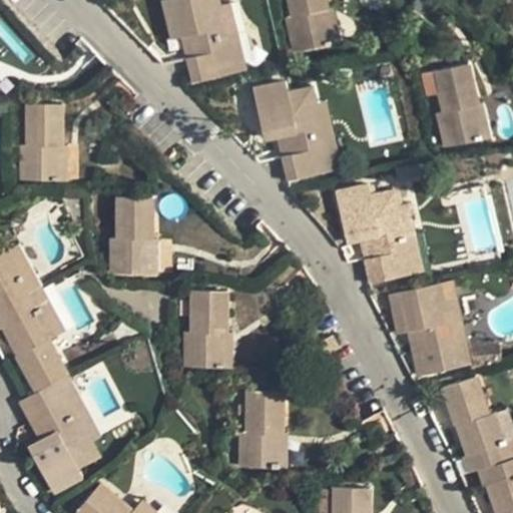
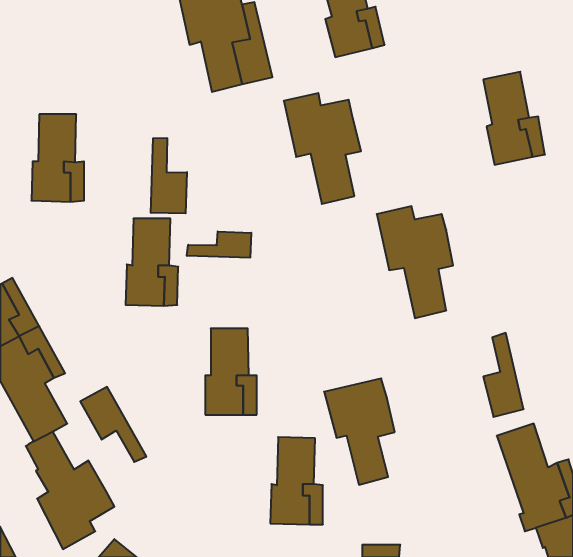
building: [309,101,342,175] -> none
building: none -> [151,138,187,213]
building: [392,203,425,278] -> none
building: none -> [187,231,251,258]
building: [384,285,447,380] -> [324,378,395,485]
building: [47,373,106,440] -> [80,387,146,462]

